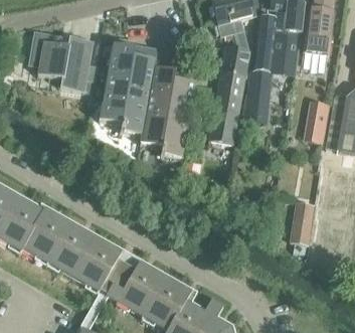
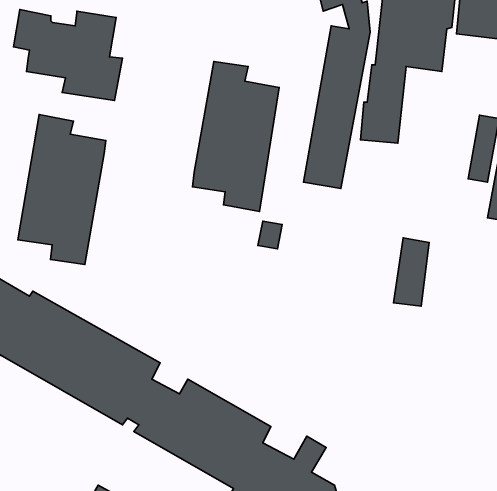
building: [102,41,156,134] -> [18,115,106,264]
building: [291,200,313,242] -> [393,238,429,306]

